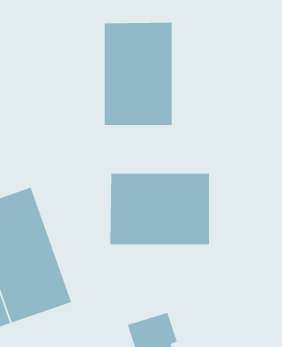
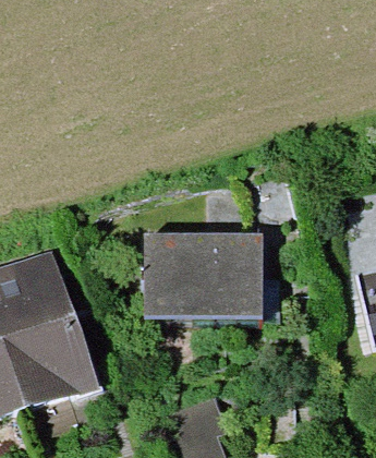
building: [104,22,172,126] -> none

